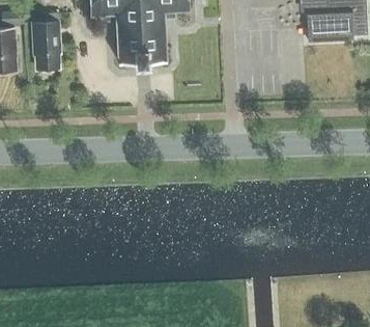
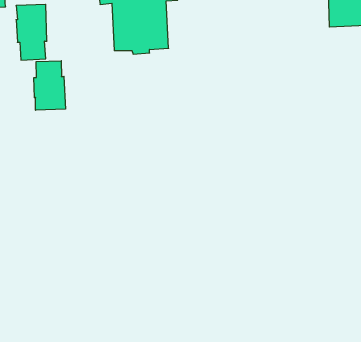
building: none -> [34,61,65,110]

